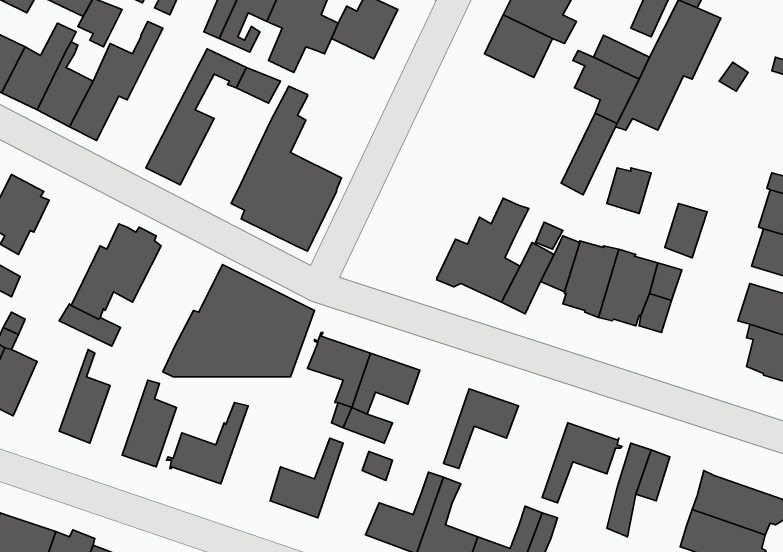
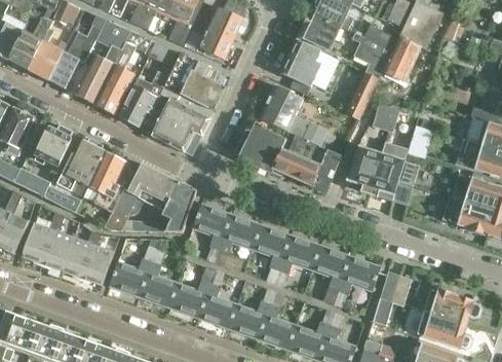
building: none -> [75,20,131,104]
building: none -> [197,26,232,58]
building: none -> [281,39,321,86]
building: none -> [182,60,230,110]
building: none -> [118,70,169,126]
building: none -> [260,84,310,138]
building: none -> [235,124,285,171]
building: none -> [31,125,73,166]
building: none -> [86,151,136,212]
building: none -> [13,168,50,196]
building: none -> [22,213,60,263]
building: none -> [253,226,289,283]
building: none -> [61,230,95,278]
building: none -> [140,248,176,305]
building: none -> [312,248,349,303]
building: none -> [198,270,235,326]

